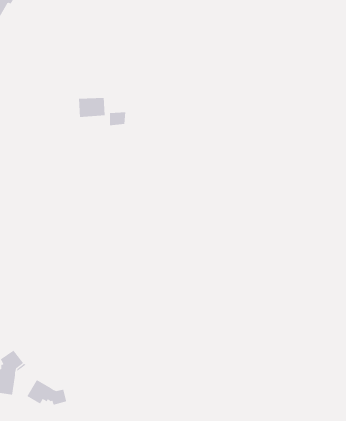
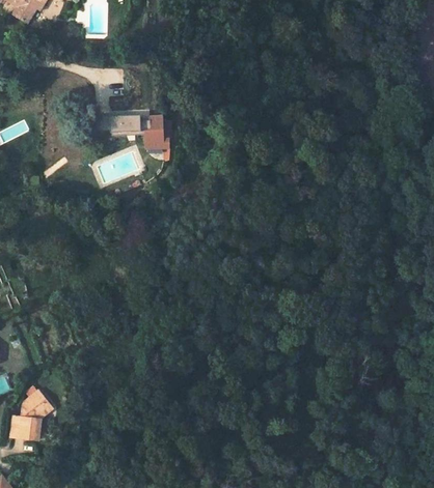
building: [26,379,67,405] -> none

